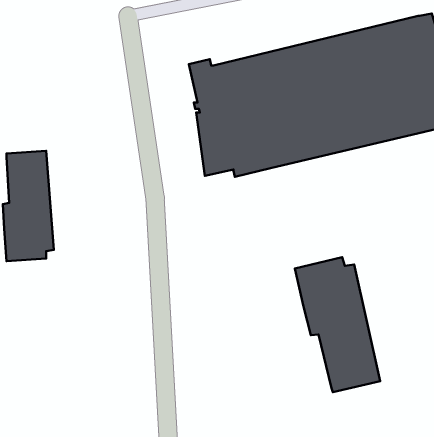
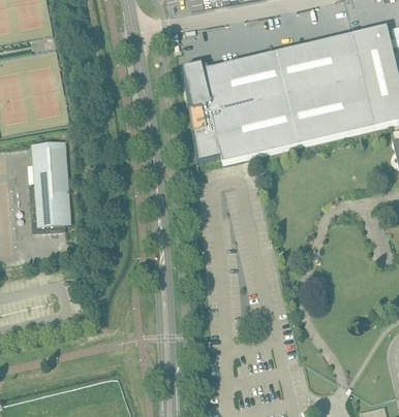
building: [295,257,380,392] -> none

